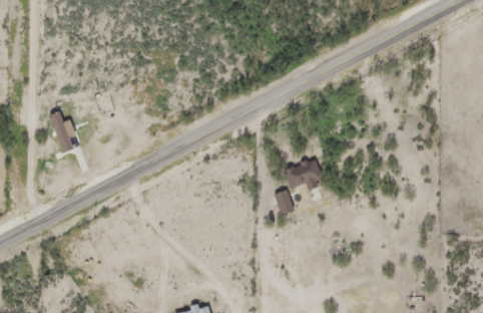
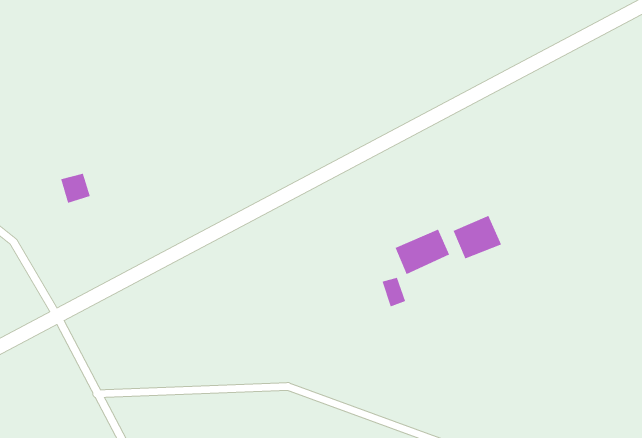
building: none -> [453,215,502,259]

